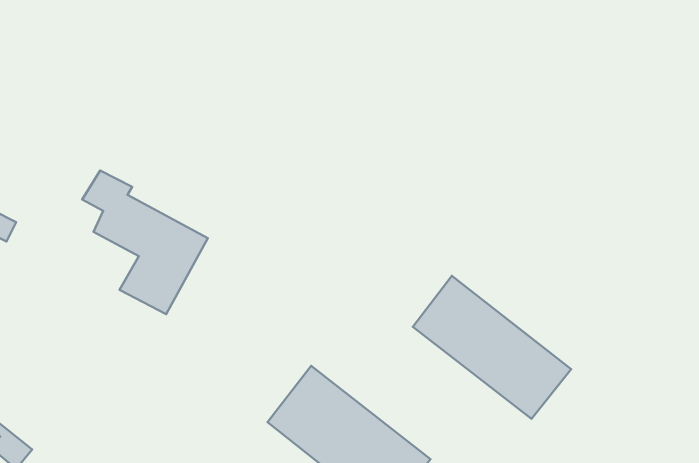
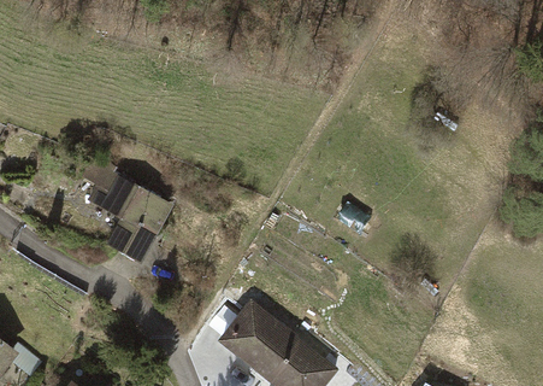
building: [413,276,571,419] -> none

